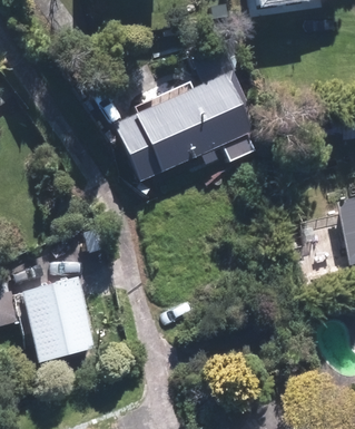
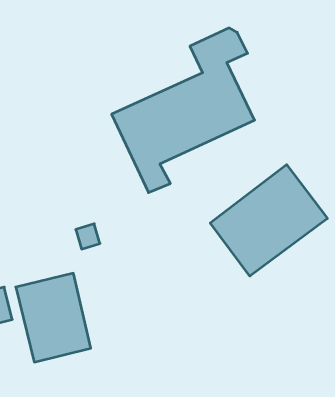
building: none -> [210,165,327,276]

